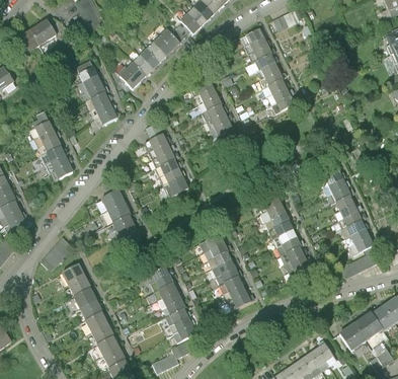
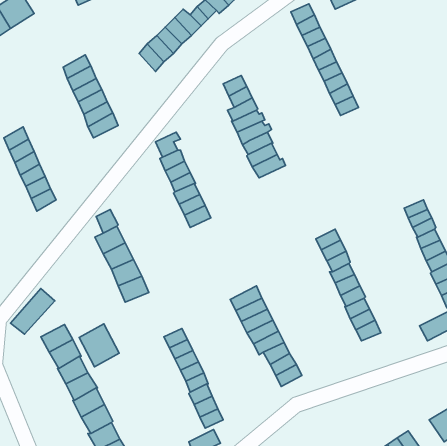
building: [116,64,145,90] -> none
building: none -> [79,324,119,367]

